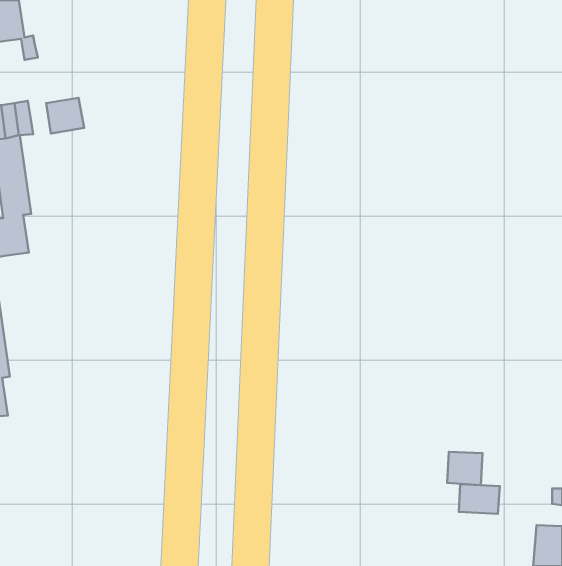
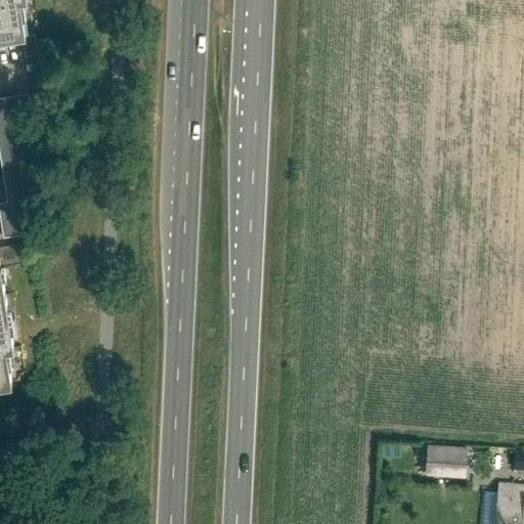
building: [46,98,84,133] -> none
building: [447,452,483,485] -> none

